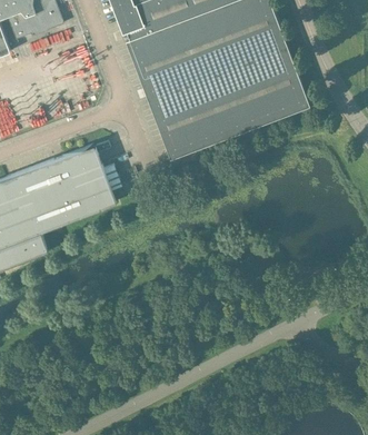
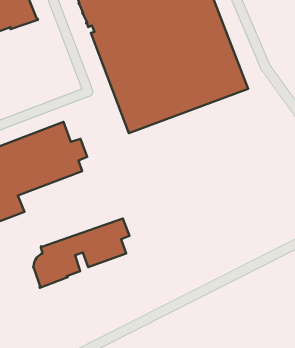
building: none -> [33,218,130,288]

